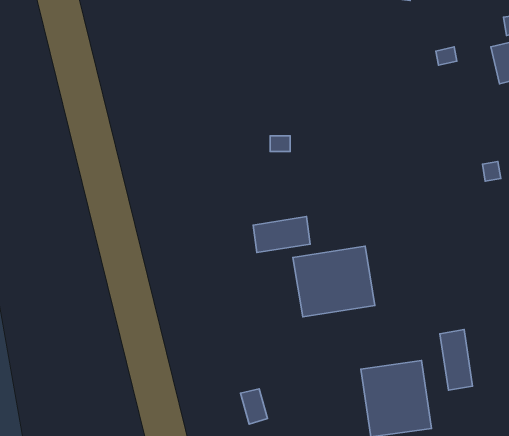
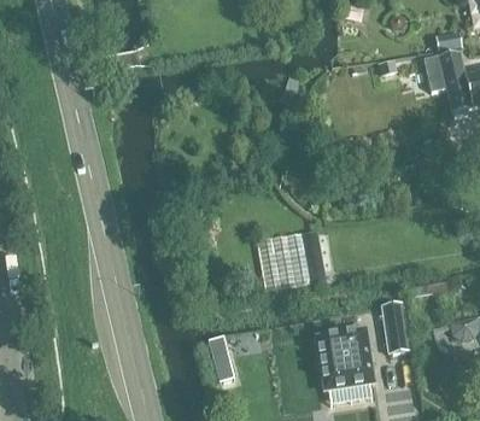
building: [253,217,310,253] -> none

